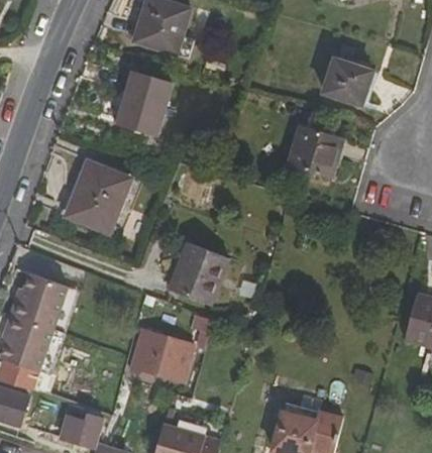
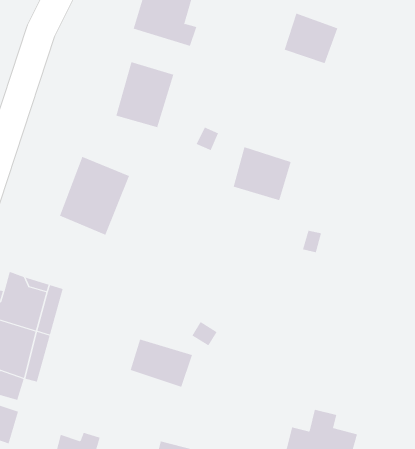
building: [323,58,373,105] -> [284,13,338,64]
building: [289,126,343,177] -> [233,147,292,201]
building: [169,242,229,306] -> none

